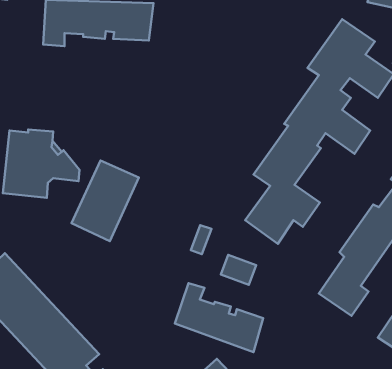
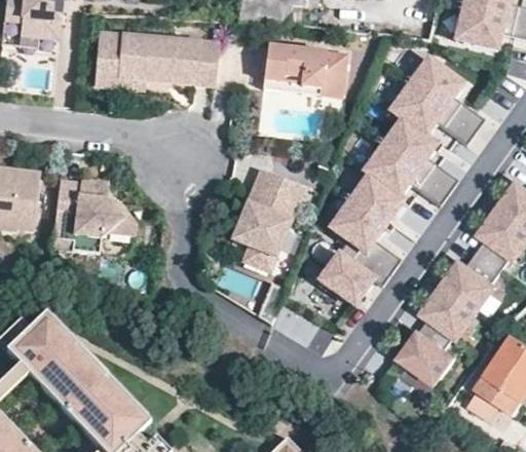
building: none -> [258,44,340,98]
building: [71,161,139,241] -> [229,167,303,256]
building: [175,283,263,352] -> none

